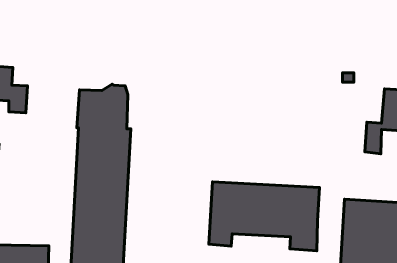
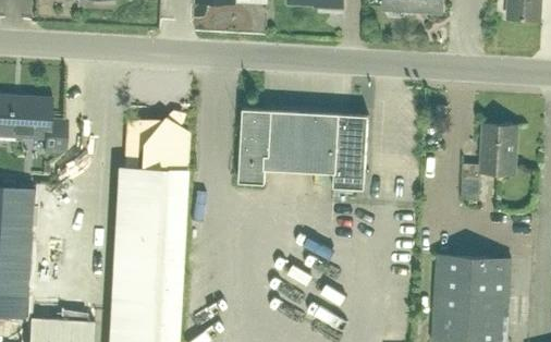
building: [209,182,319,251] -> [238,110,368,191]

